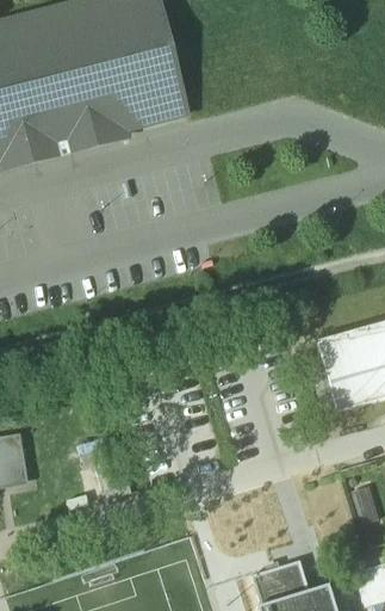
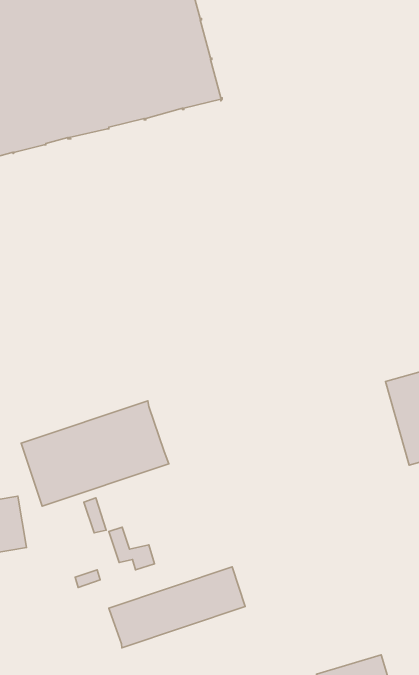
building: none -> [21,401,169,506]
building: none -> [109,567,245,648]

